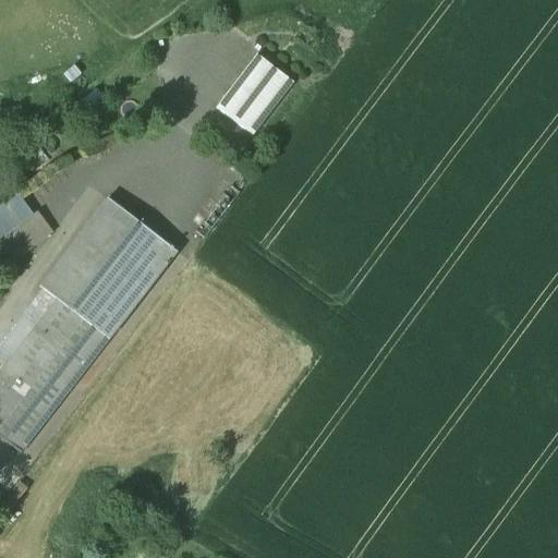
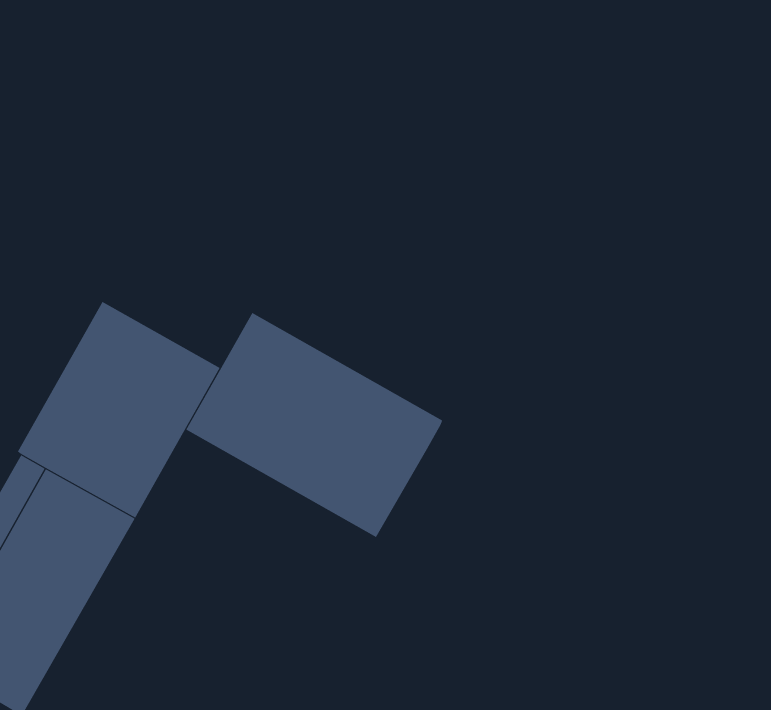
building: [216,54,292,135] -> none
building: none -> [186,312,443,538]

